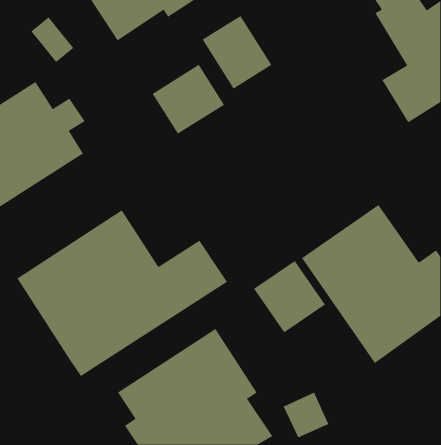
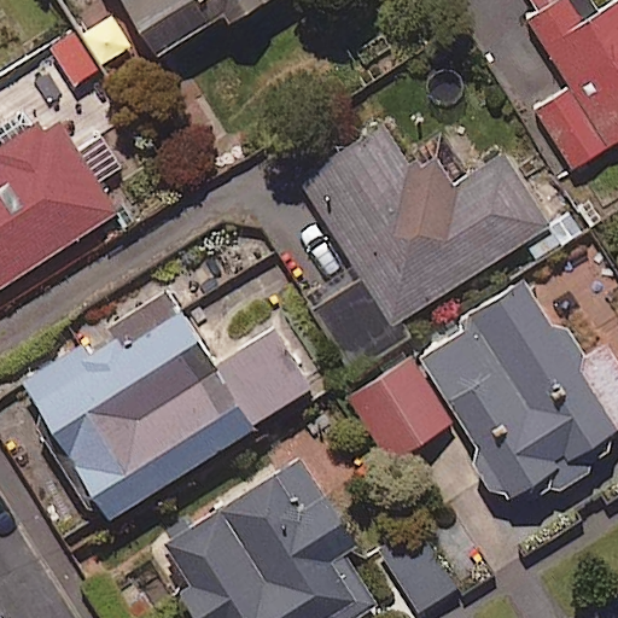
building: [202,15,272,89] -> none
building: [152,64,225,135] -> none
building: none -> [302,130,549,367]

